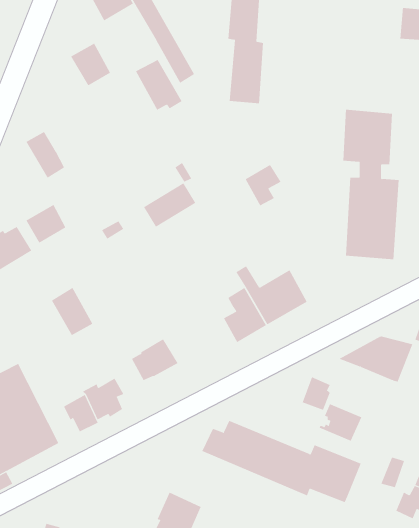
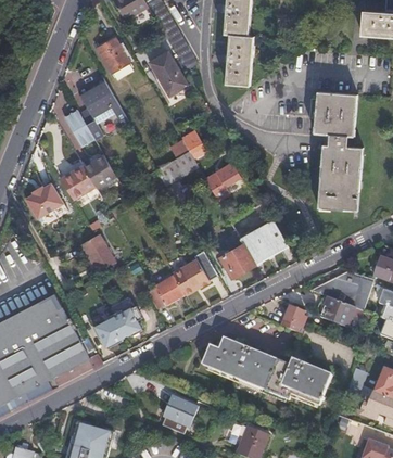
building: none -> [76,76,127,138]
building: [245,164,282,206] -> [204,165,233,199]
building: none -> [84,154,115,186]
building: none -> [169,251,217,294]
building: [319,403,362,441] -> [320,296,355,327]

